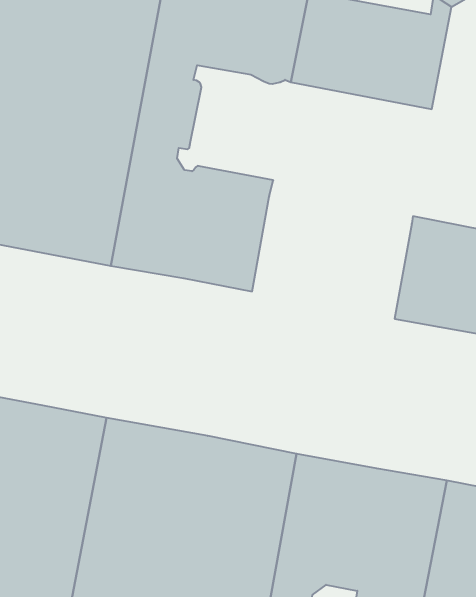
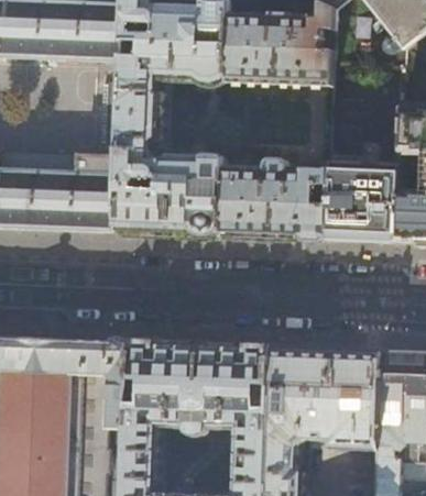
building: none -> [221,158,329,240]

